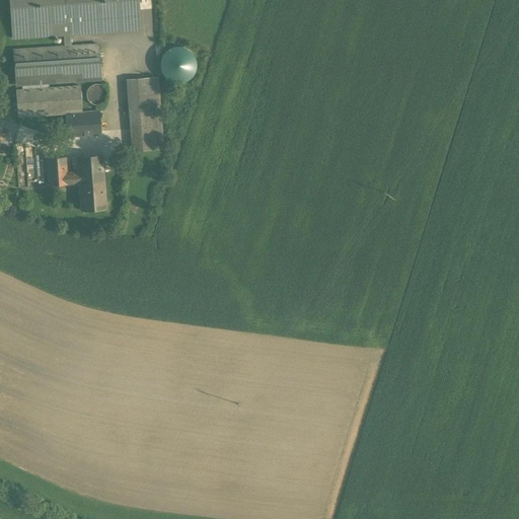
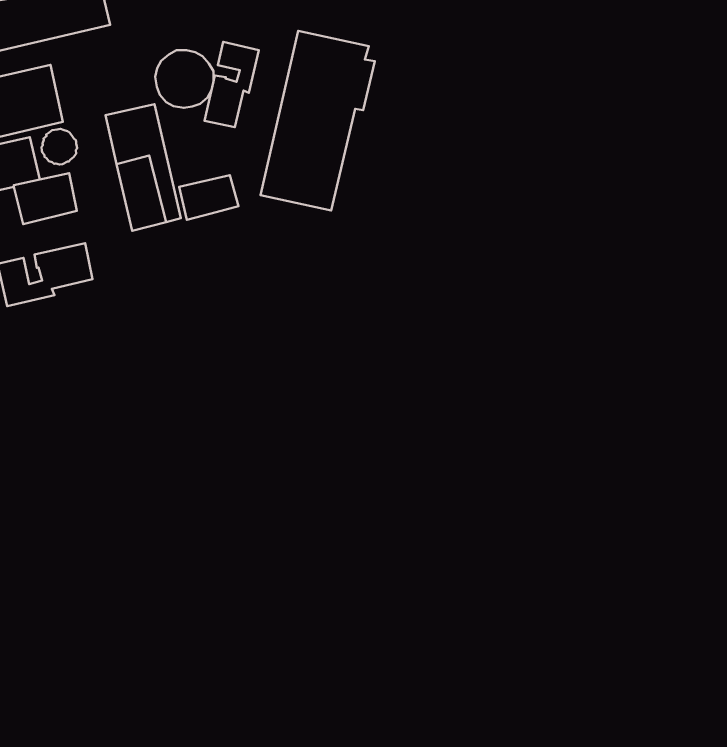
building: none -> [205,42,259,127]
building: none -> [260,31,375,211]
building: none -> [179,175,239,220]
building: [78,177,105,211] -> none

